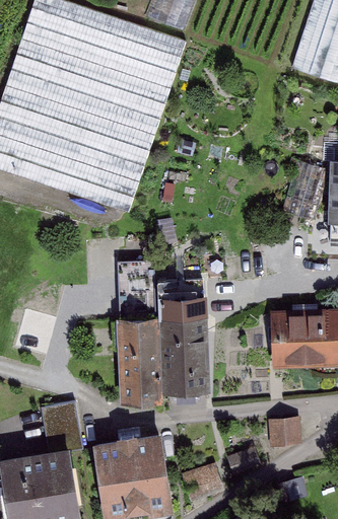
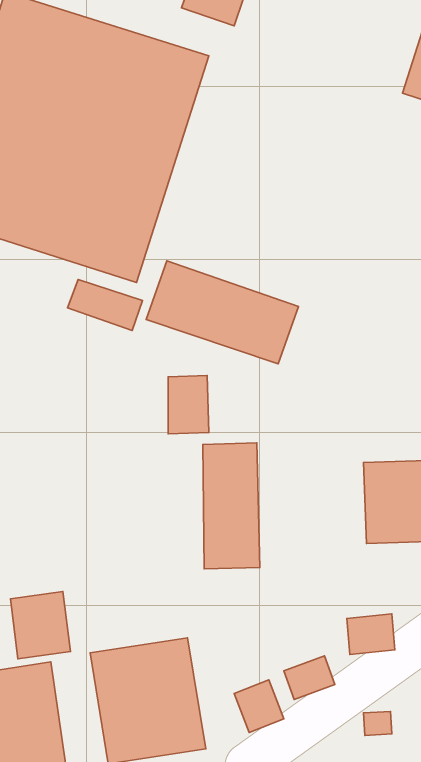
building: none -> [146,261,298,364]
building: [118,319,161,400] -> none

